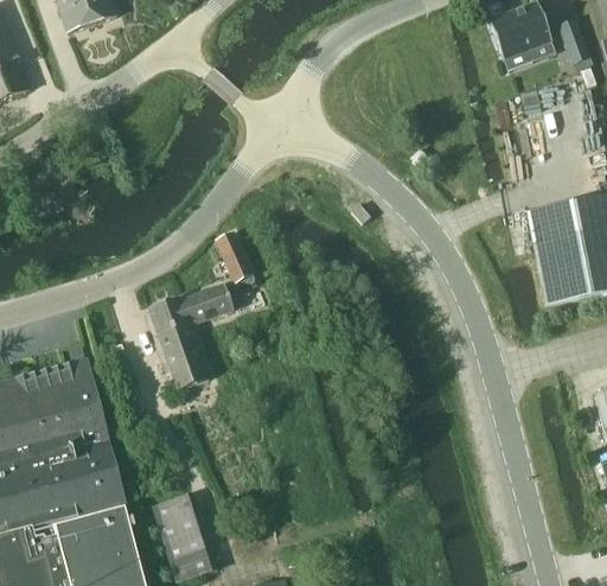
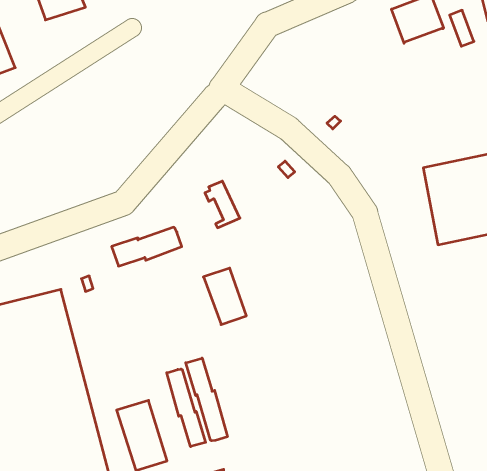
building: [211,233,254,289] -> [205,181,240,228]
building: [155,320,207,389] -> [203,268,246,325]
building: none -> [186,358,227,441]
building: none -> [167,369,206,447]

